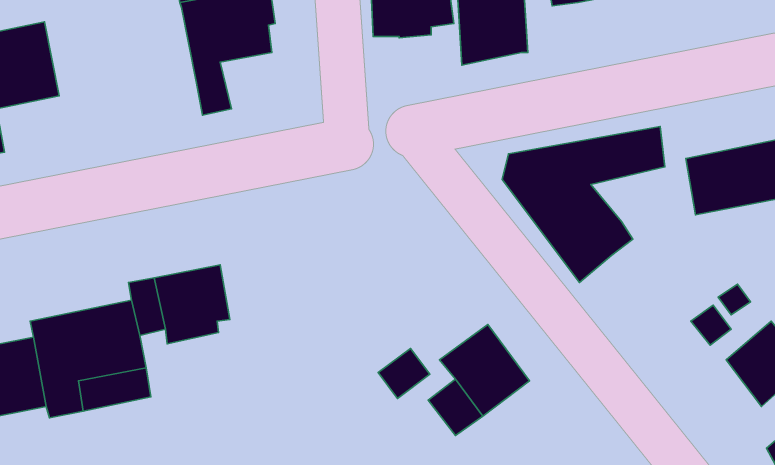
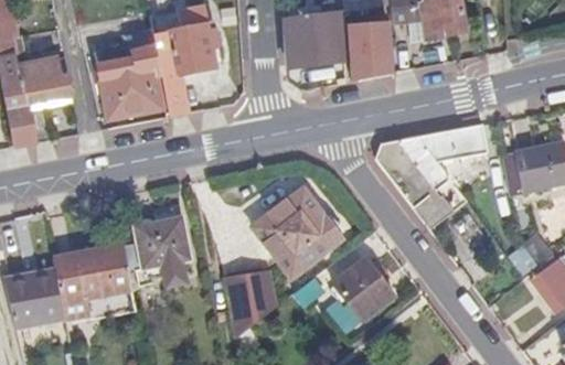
building: none -> [98,42,167,117]
building: none -> [265,194,338,269]
building: none -> [225,269,278,334]

